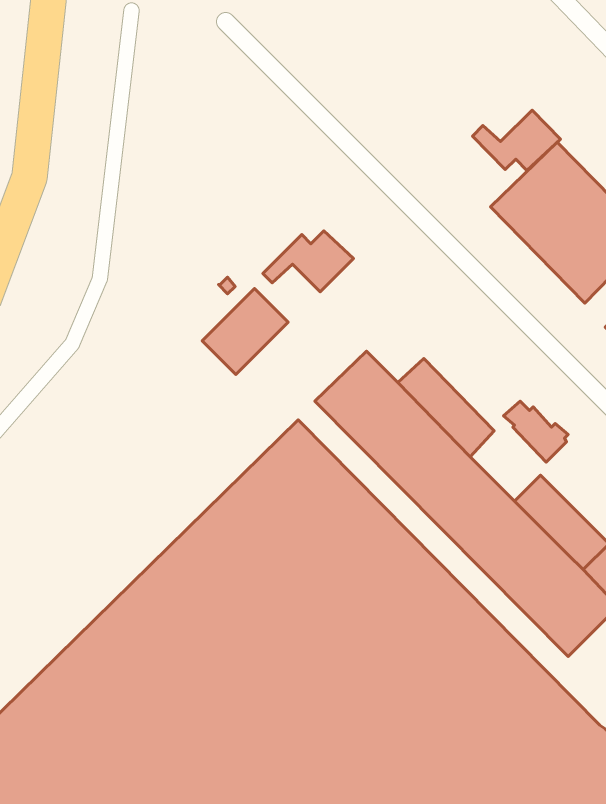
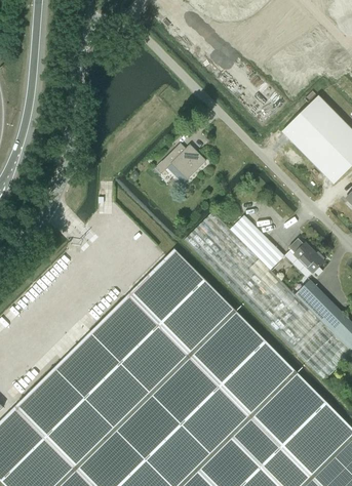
building: [472,110,560,170] -> none
building: [202,289,288,374] -> none

